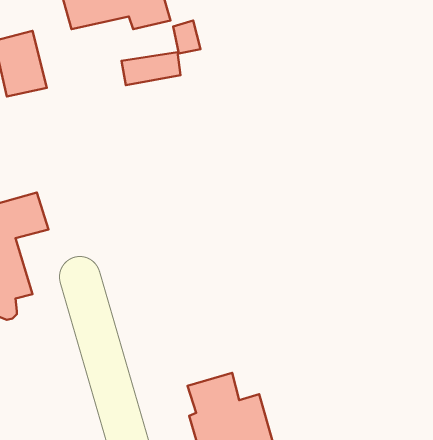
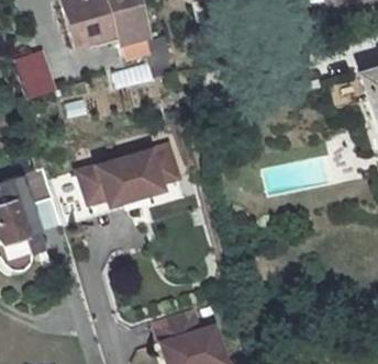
building: none -> [78,148,179,206]

